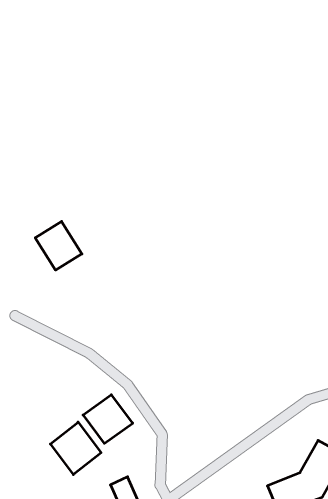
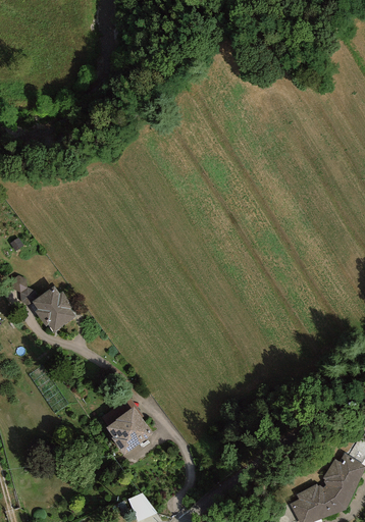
building: [35,221,82,270] -> [31,283,77,332]
building: [50,422,101,475] -> none

